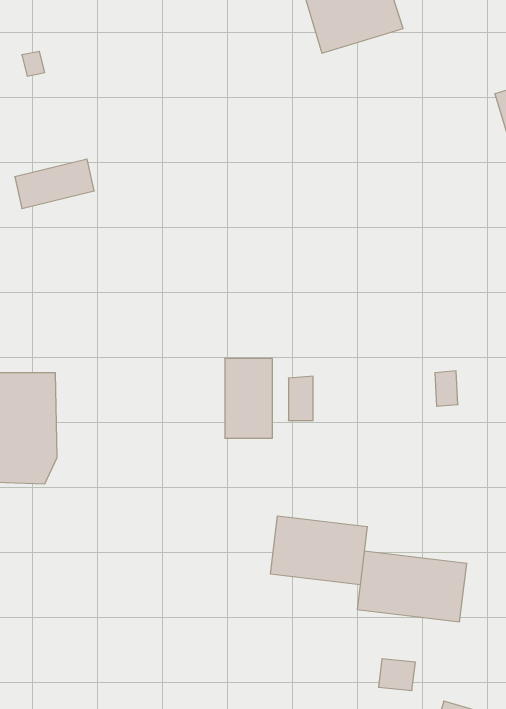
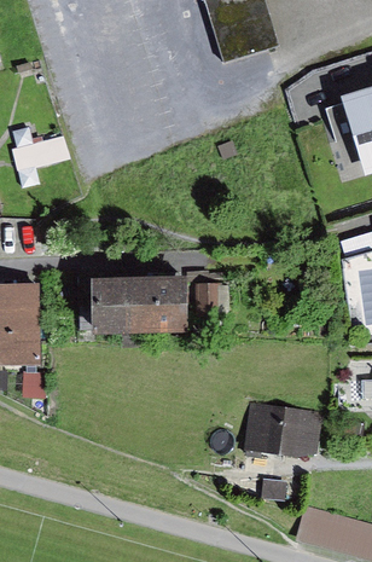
building: none -> [92,277,155,331]
building: [271,516,367,585] -> none

